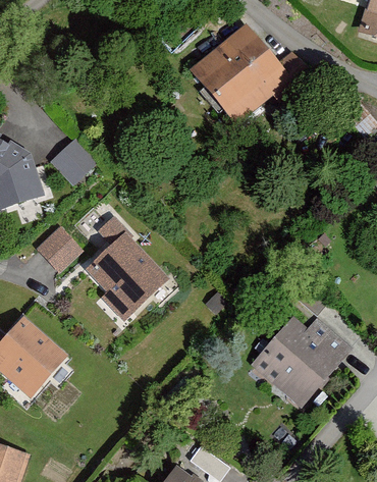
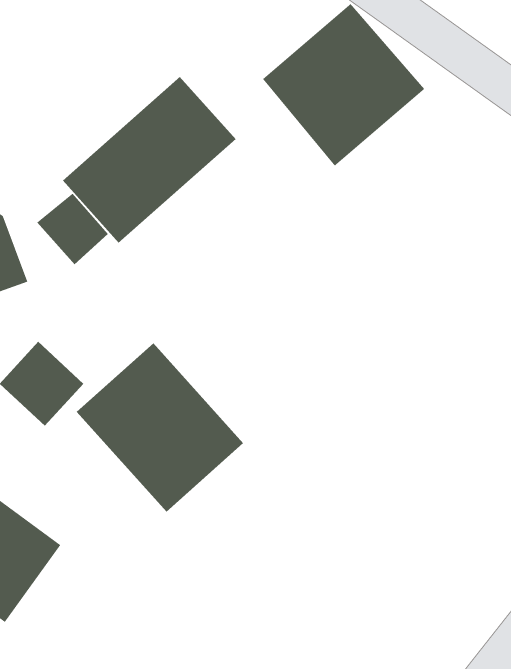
building: none -> [62,76,236,244]
building: [252,317,342,408] -> none

